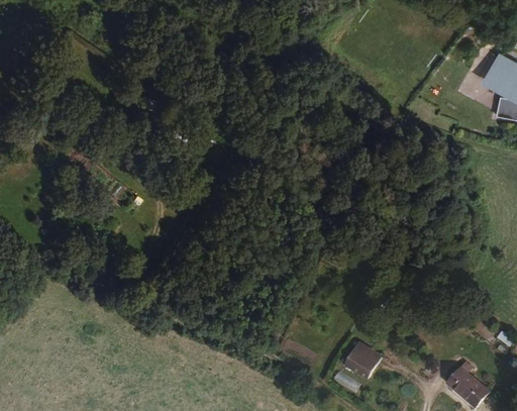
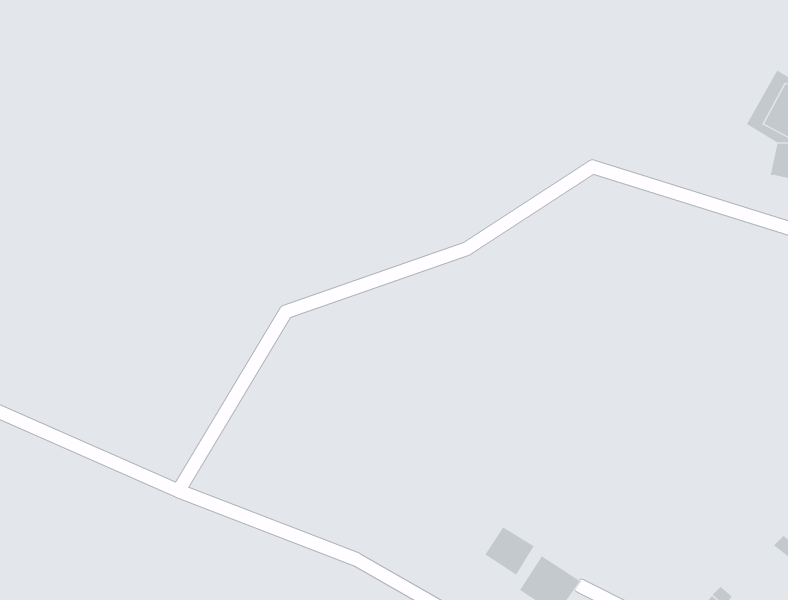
building: none -> [485,526,534,576]

